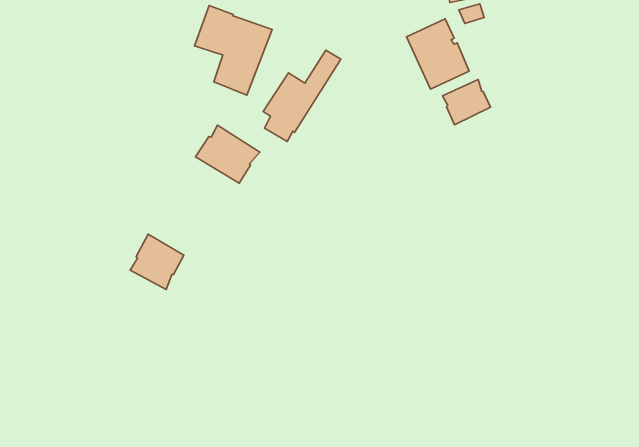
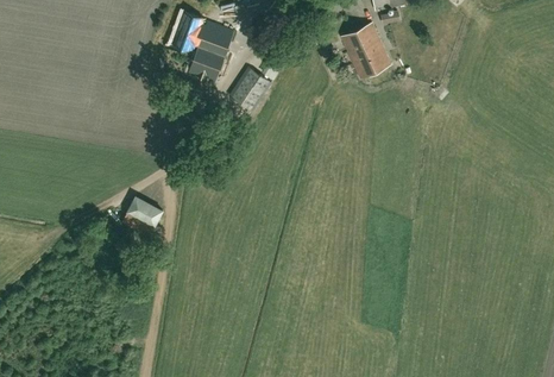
building: [443,79,491,125] -> none
building: [196,125,260,183] -> none

